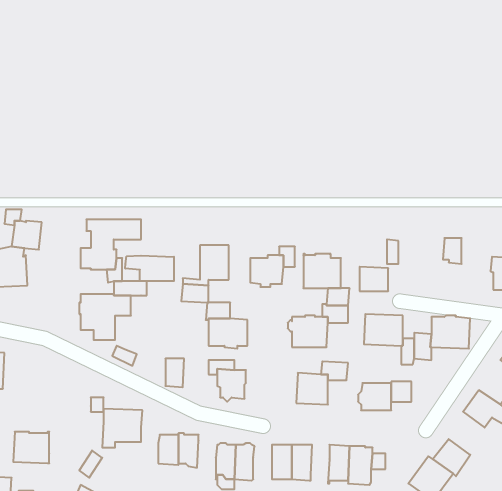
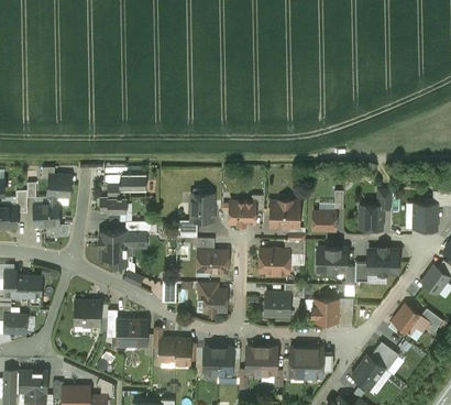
building: [125,256,174,281] -> none
building: none -> [360,206,382,229]
building: [13,432,49,463] -> [74,302,101,326]

